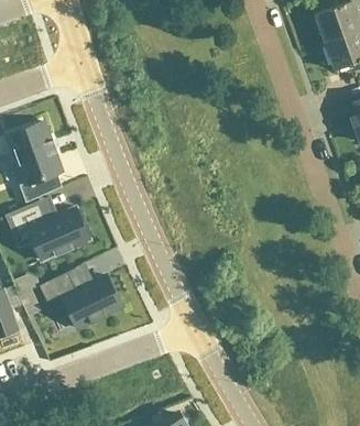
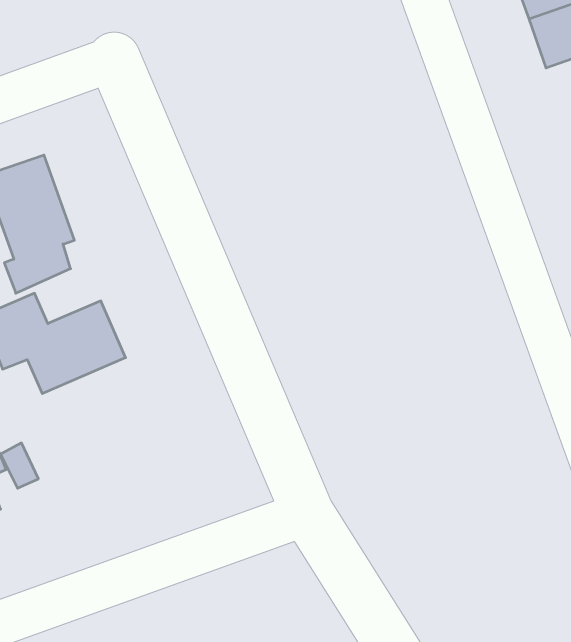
building: [39,272,120,328] -> none

